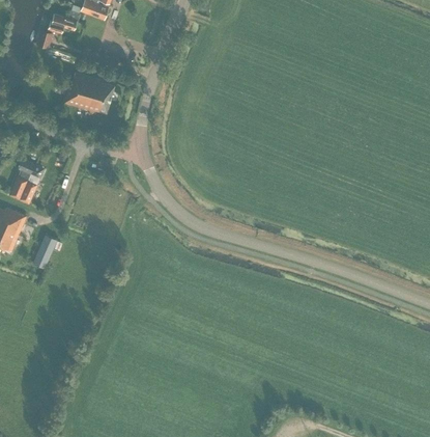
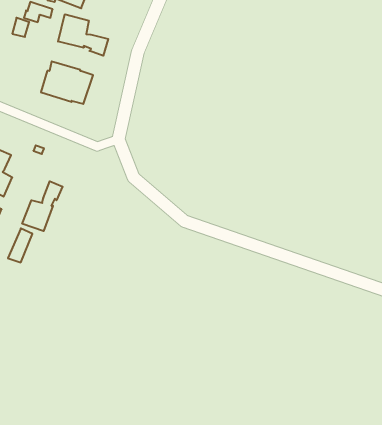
building: none -> [58,14,108,56]
building: none -> [22,181,63,231]

